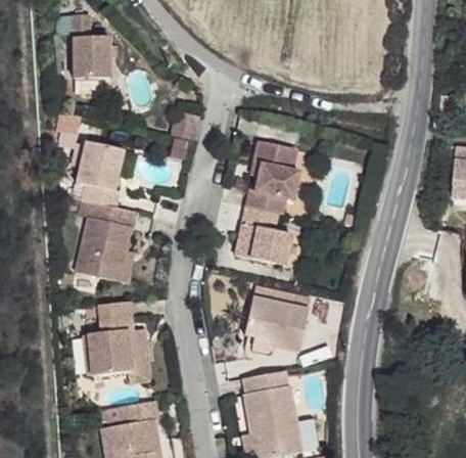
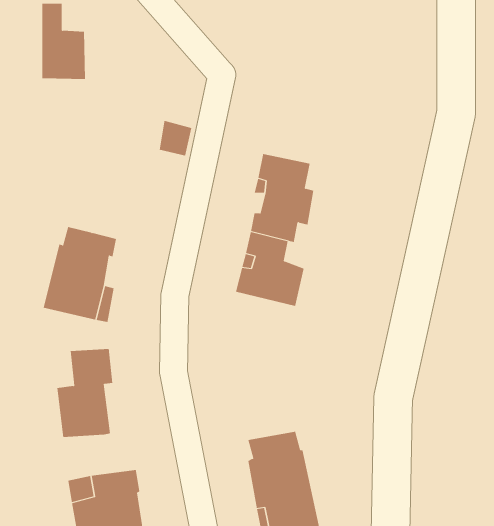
building: [76,140,122,205] -> none
building: [243,297,310,356] -> none
building: [126,330,149,383] -> none

